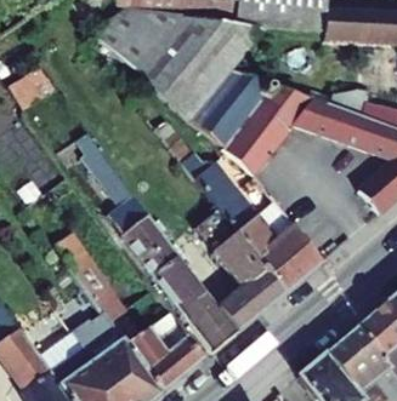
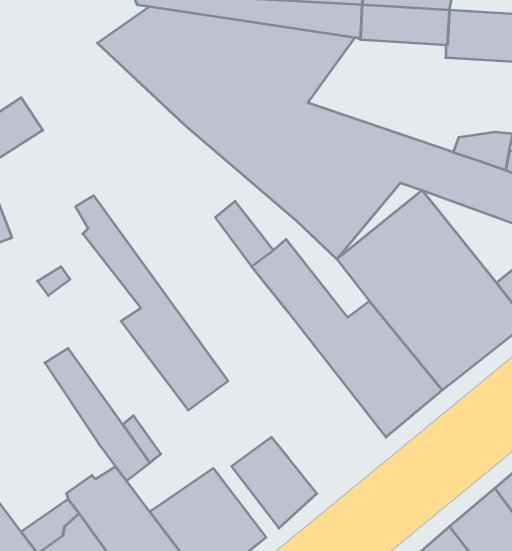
building: [195,210,284,331] -> none
building: [152,256,208,313] -> none

